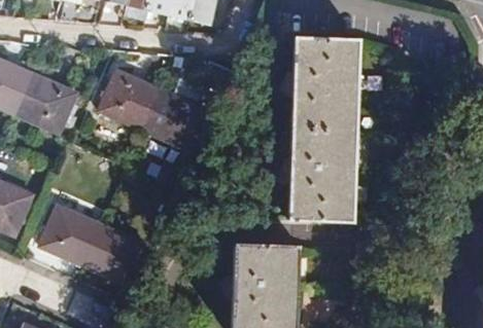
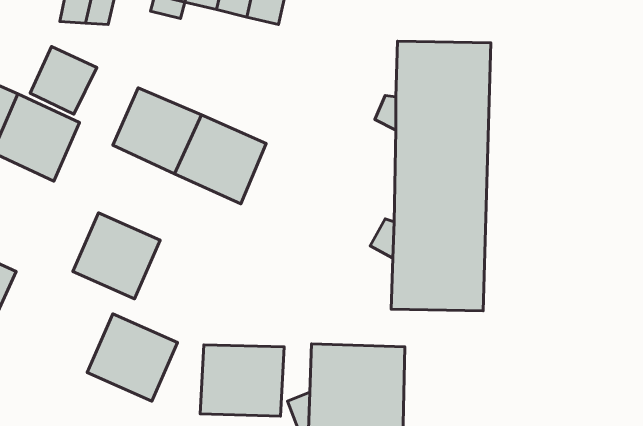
building: none -> [30,47,97,114]
building: [39,205,99,263] -> [73,213,160,299]
building: none -> [200,345,284,416]

